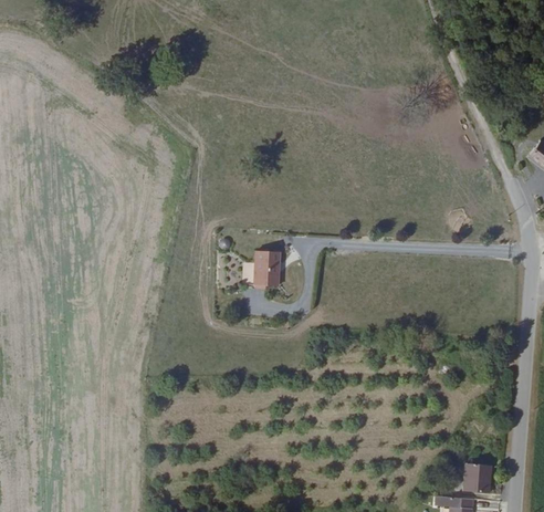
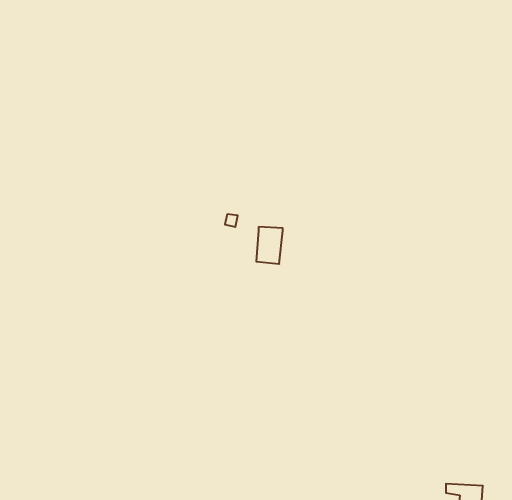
building: [463,462,490,491] -> none

